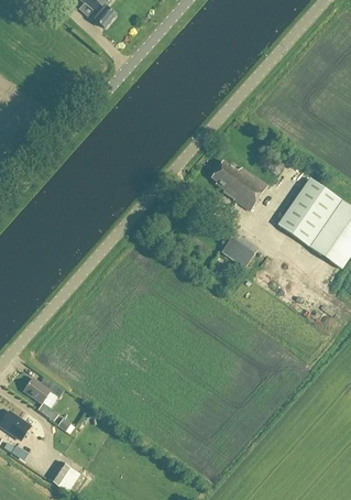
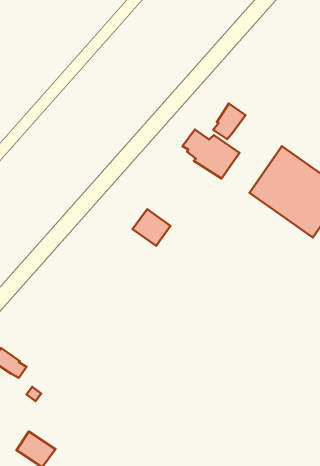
building: none -> [213,104,245,139]
building: [220,231,257,268] -> [133,209,171,246]

